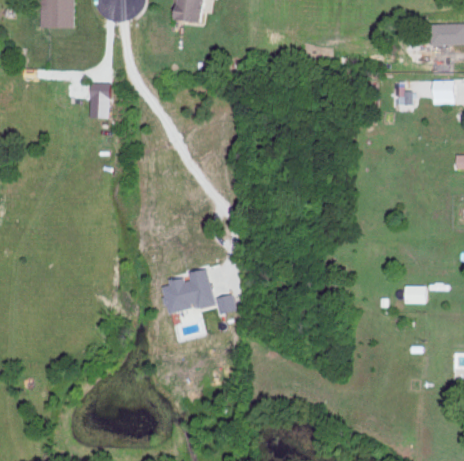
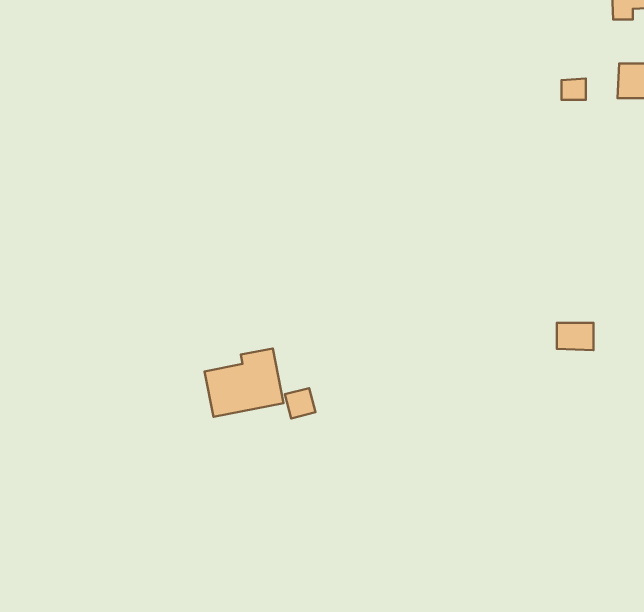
building: [88,83,110,117] -> none
building: [403,286,427,304] -> [557,323,593,350]

